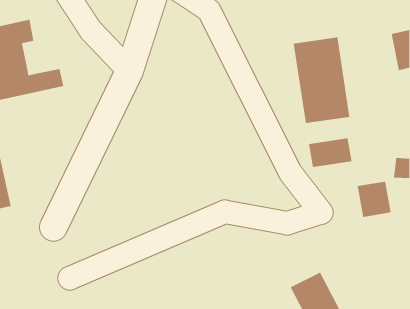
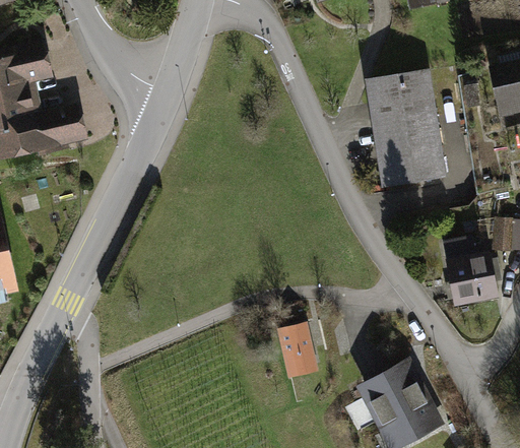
building: [308,138,352,168] -> none
building: none -> [279,324,320,381]

